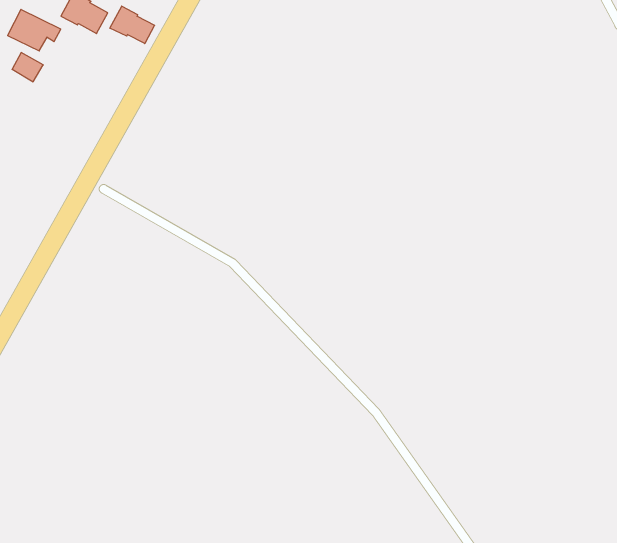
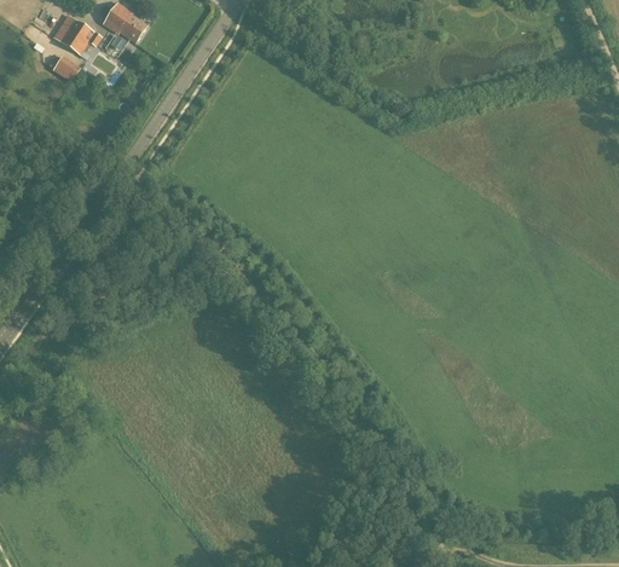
building: [110,6,155,44] -> none

